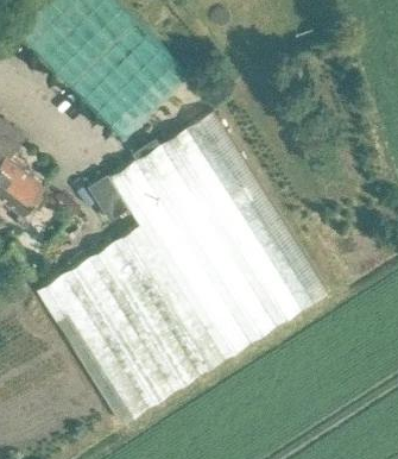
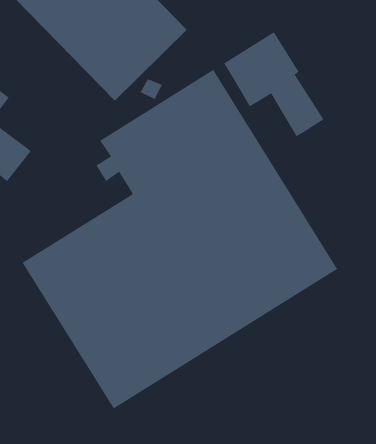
building: none -> [223,31,325,137]

